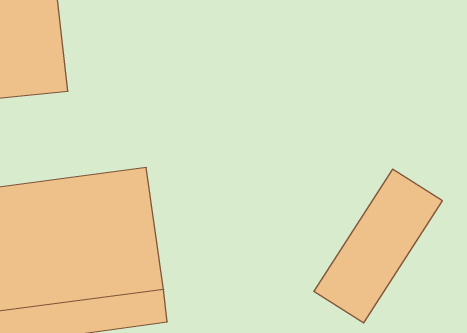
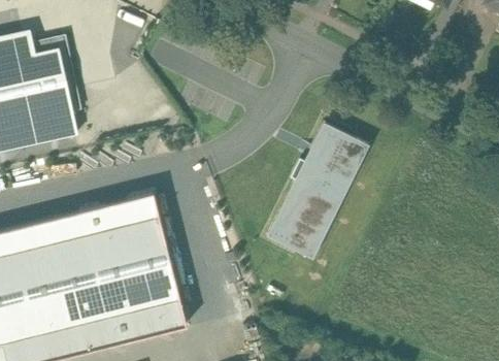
building: [314,169,442,323] -> [266,123,369,259]

